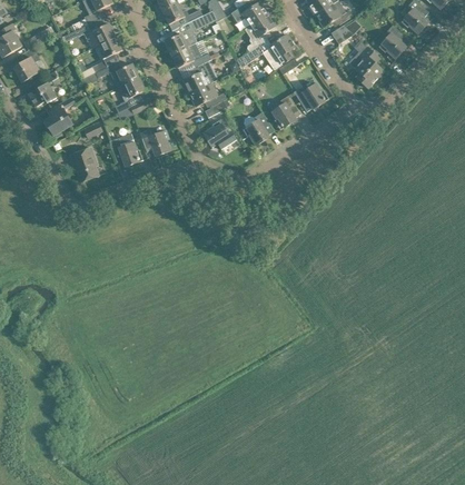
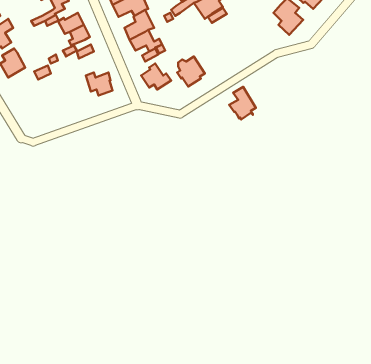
building: [294,83,329,111] -> none
building: [271,91,301,128] -> [229,87,256,120]
building: [111,133,140,166] -> none
building: [70,148,99,181] -> none

